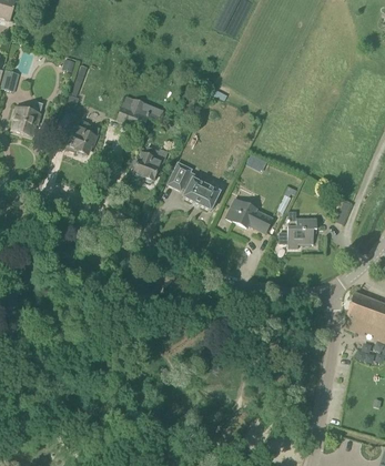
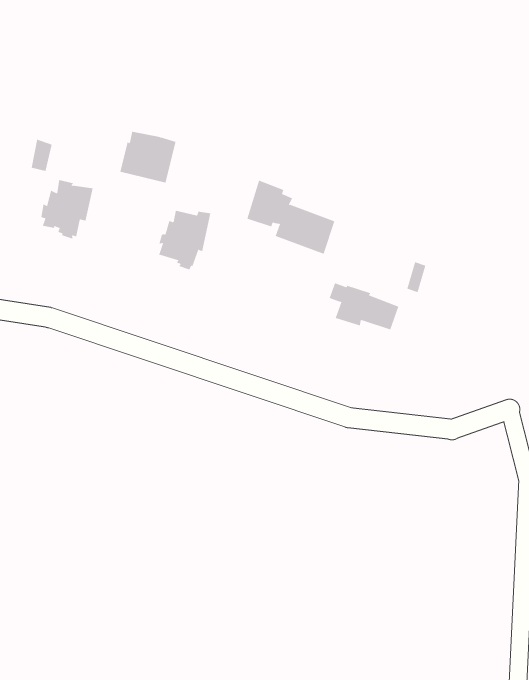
building: [166,161,219,210] -> [246,180,335,254]
building: [278,217,316,247] -> none

